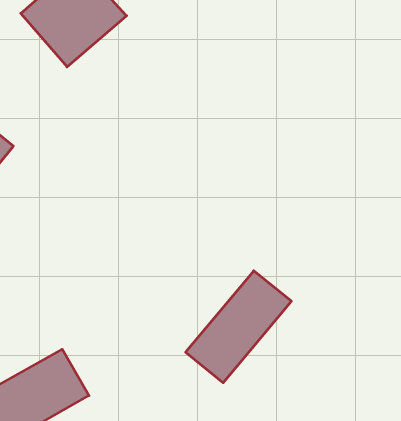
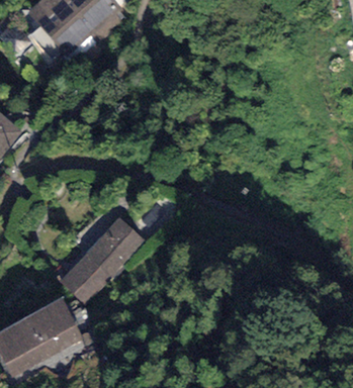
building: [186,271,291,383] -> [60,214,148,307]

